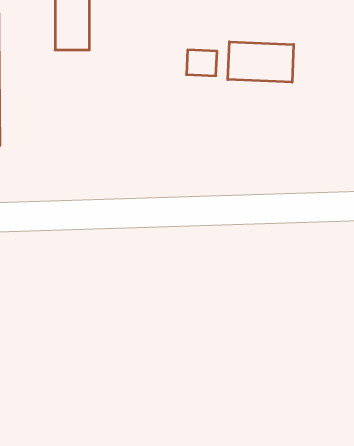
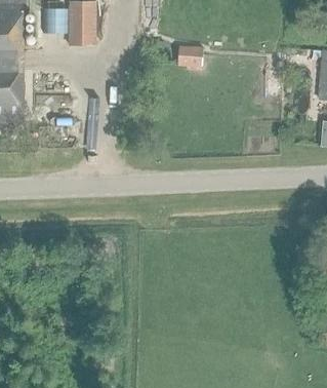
building: [228,42,294,82] -> none

